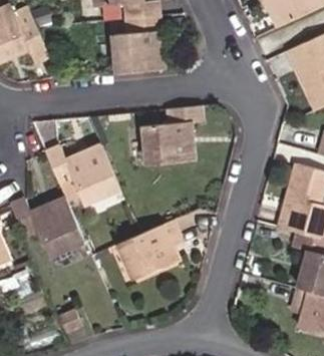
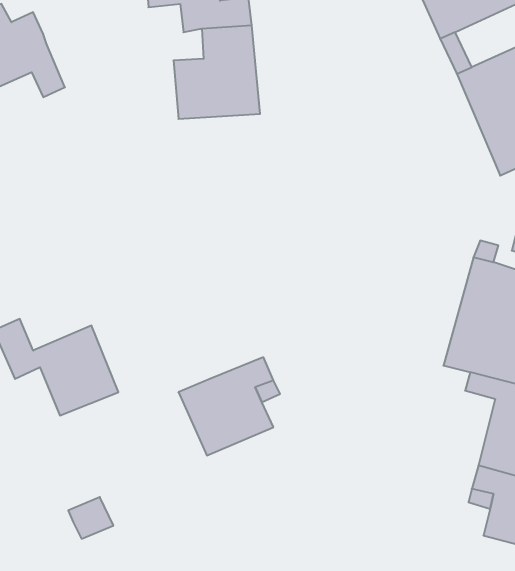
building: [134,106,199,161] -> none
building: [45,143,121,206] -> none

